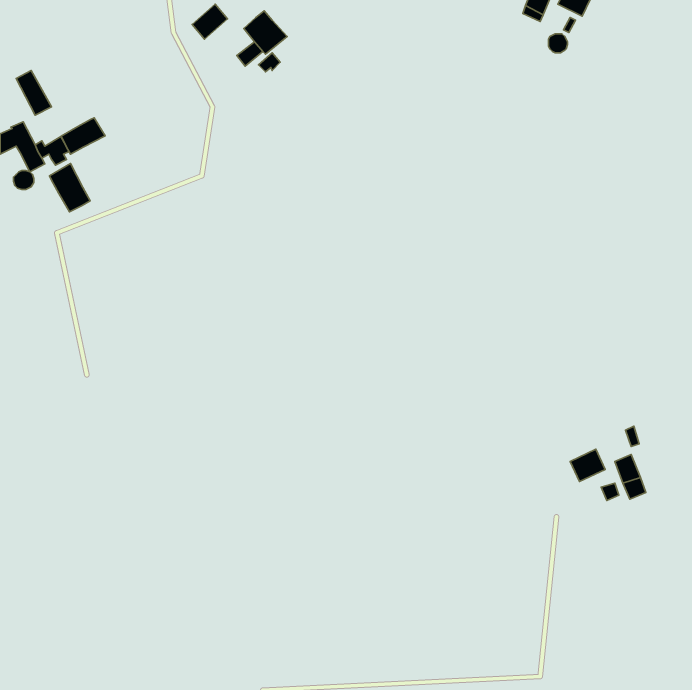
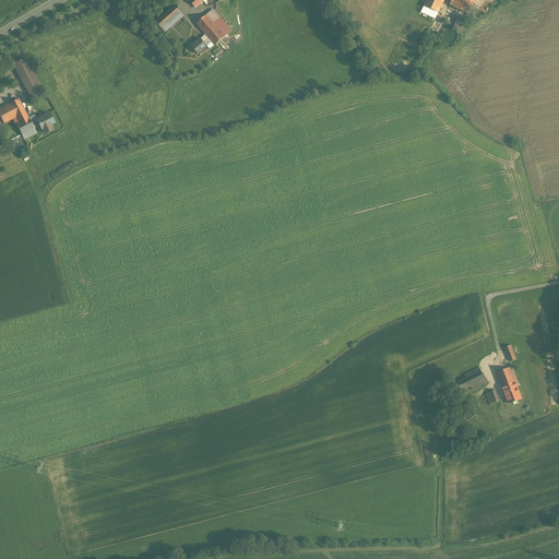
building: [61,118,105,154] -> none
building: [50,163,90,212] -> none

